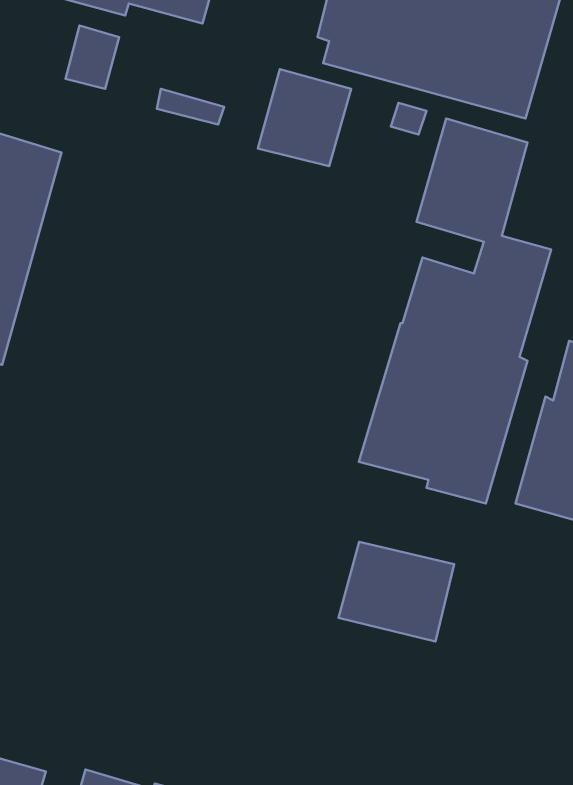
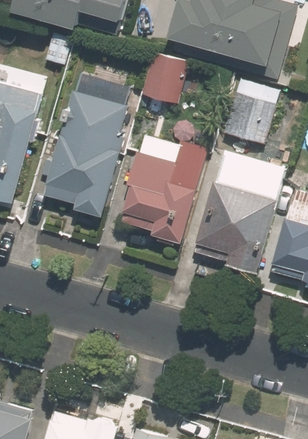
building: none -> [44,74,128,216]
building: none -> [120,145,203,243]
building: [338,542,454,641] -> none

